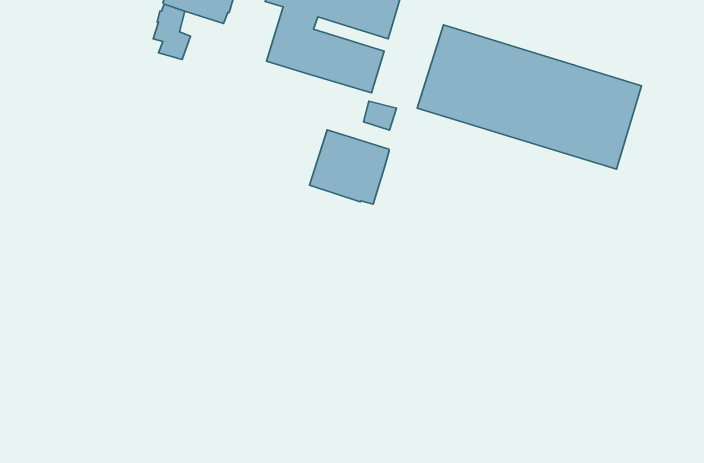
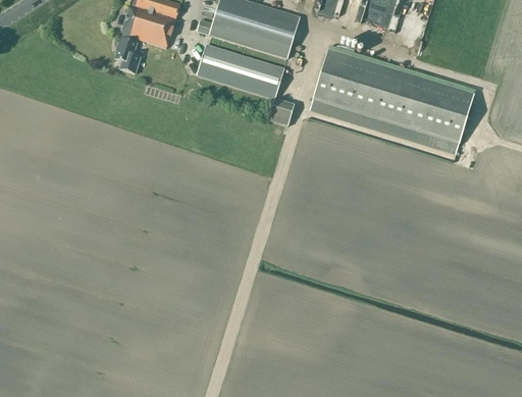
building: [309,130,389,204] -> none

